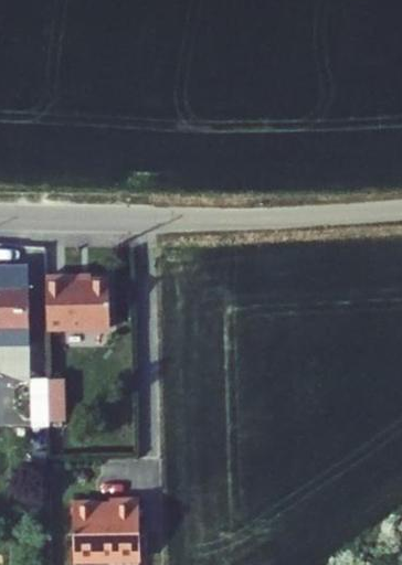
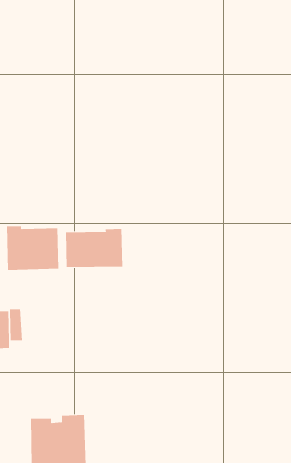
building: none -> [66,228,123,268]

